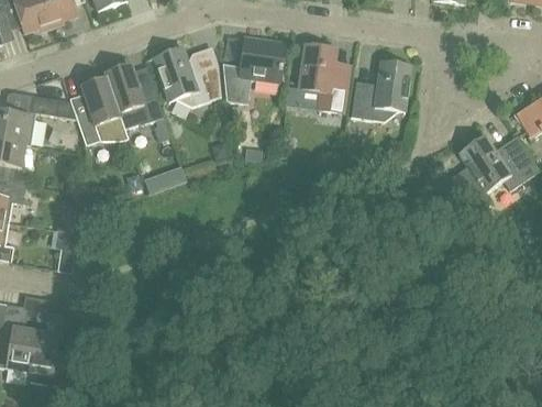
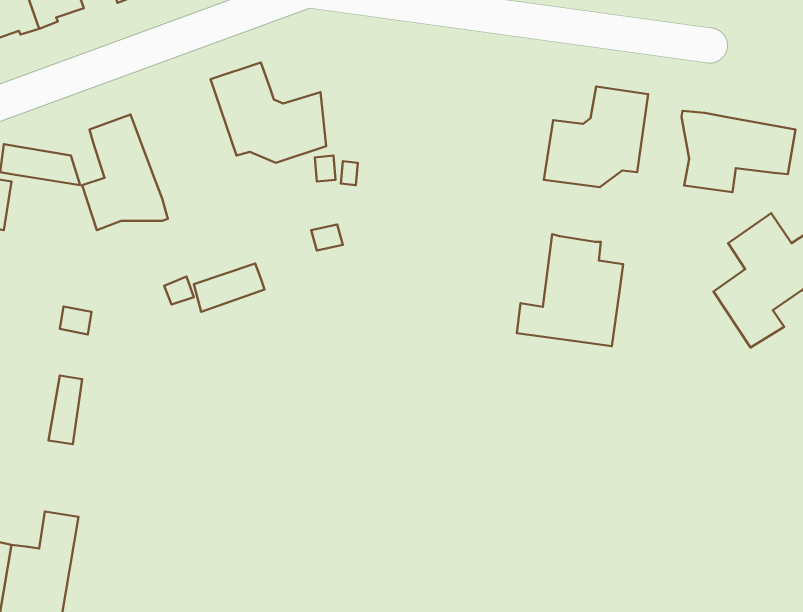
building: [222,36,285,102] -> none
building: [285,45,347,111] -> [517,234,623,346]
building: [104,65,164,126] -> none
building: none -> [682,111,795,192]

